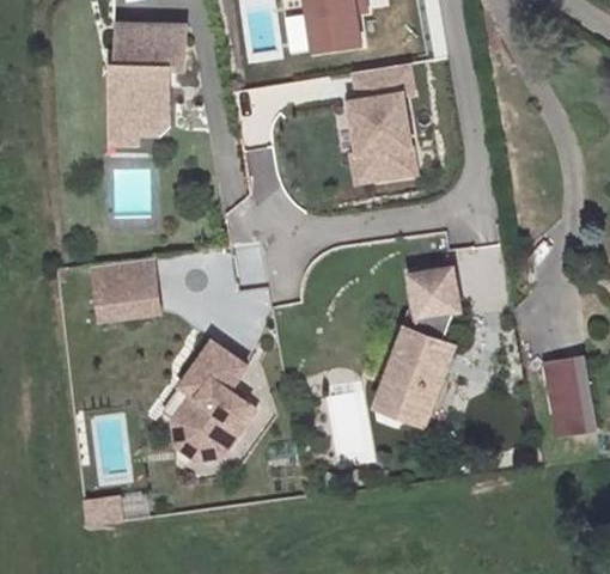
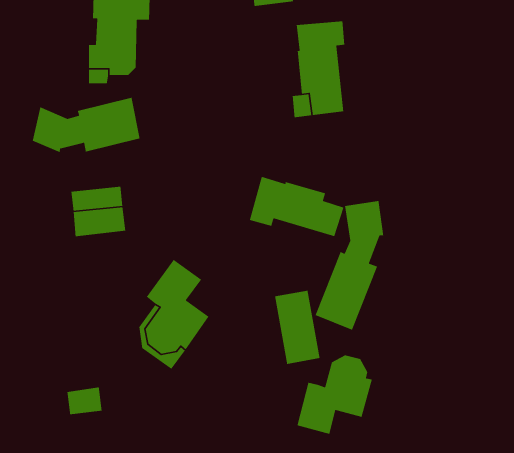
building: none -> [32,97,141,153]
building: none -> [249,176,344,237]
building: [548,356,598,434] -> none
building: none -> [297,355,373,435]

